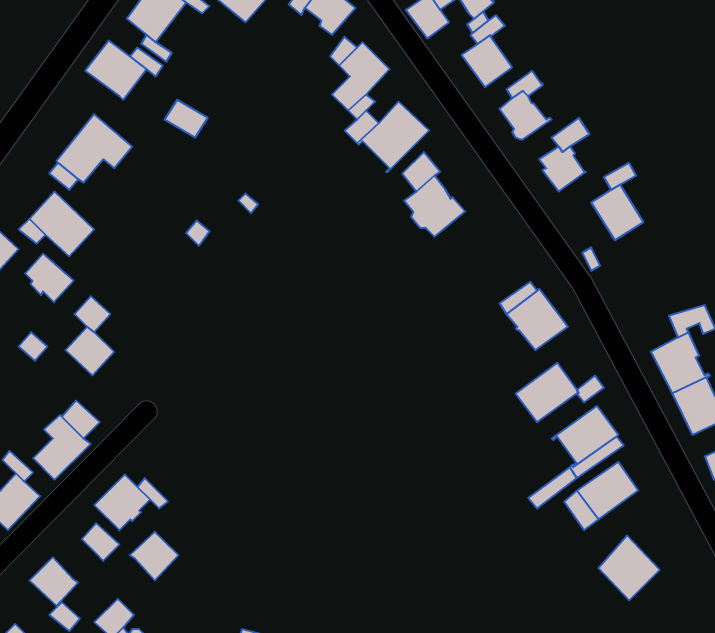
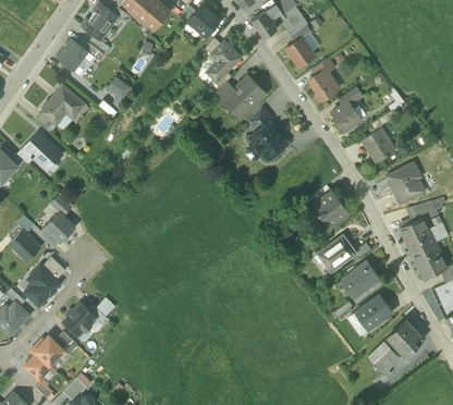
building: none -> [384,162,419,202]
building: [25,254,74,302] -> [10,231,39,260]
building: none -> [384,319,421,359]
building: [130,532,178,580] -> [34,335,63,365]

